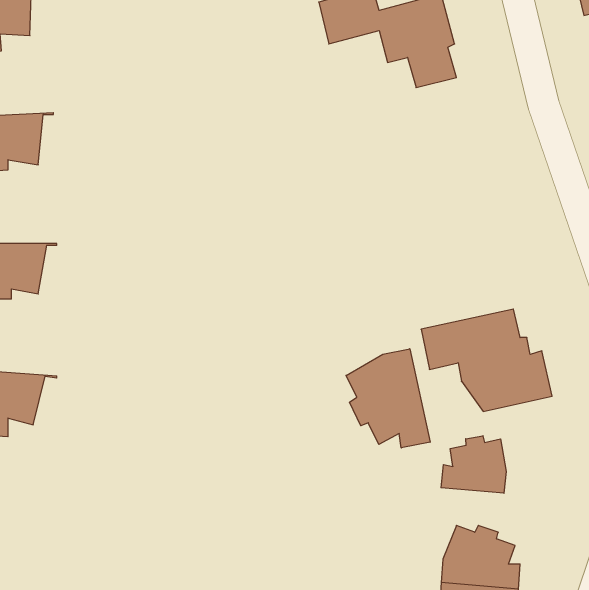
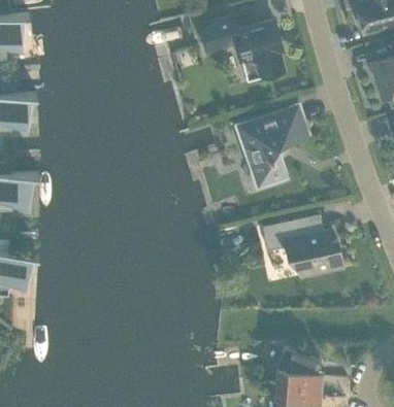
building: none -> [240,109,306,184]
building: [346,349,430,448] -> none
building: [441,436,506,493] -> none

